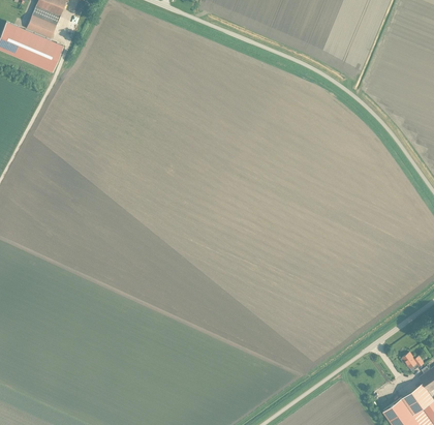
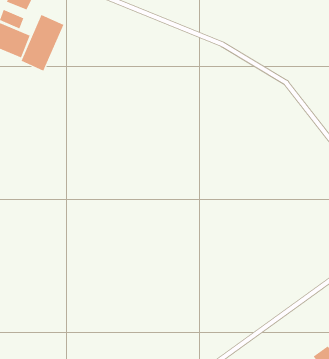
building: none -> [21,14,64,72]

